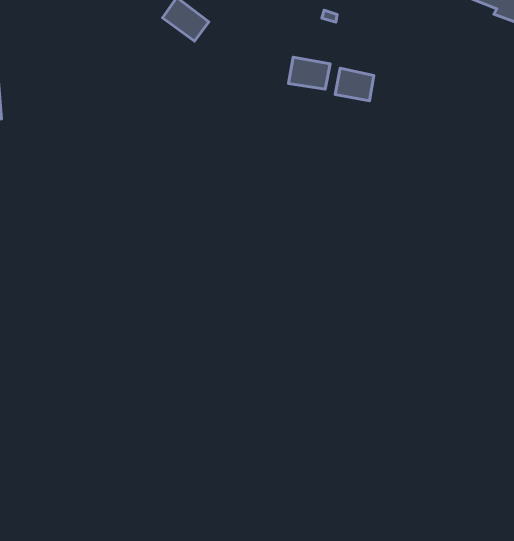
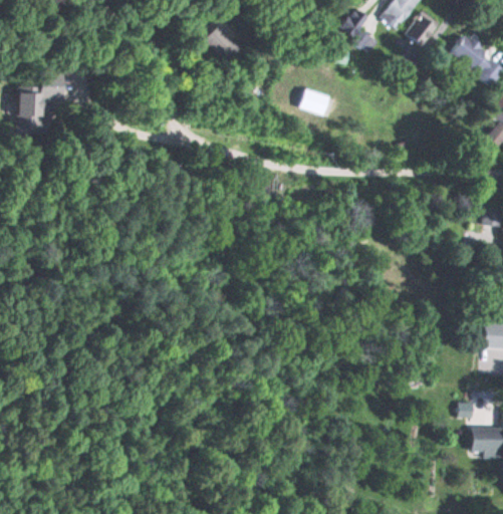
building: [335,68,374,101] -> none

